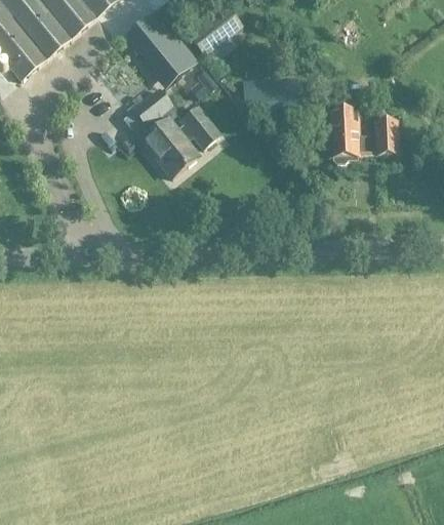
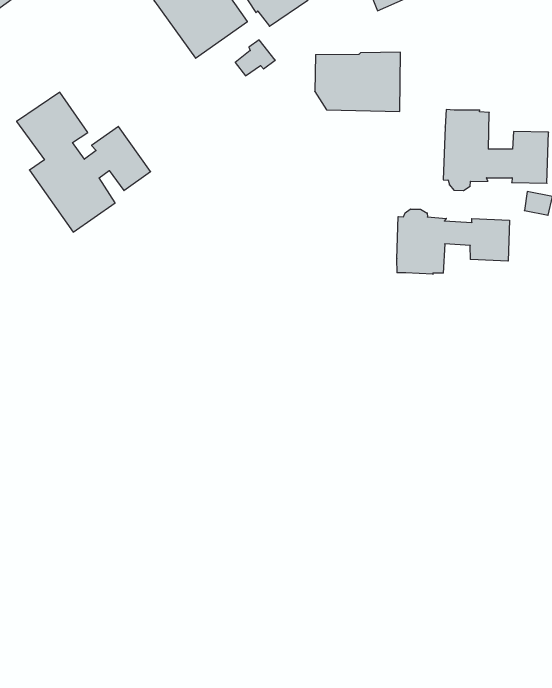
building: [132,86,220,175] -> [17,92,151,232]
building: none -> [397,209,509,274]

